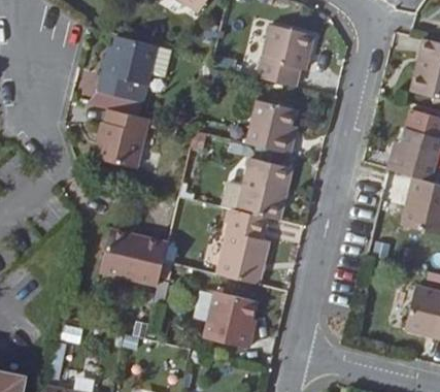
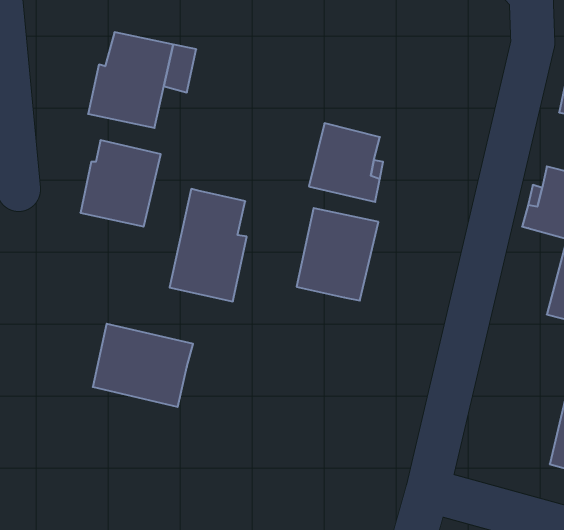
building: [247,23,301,84] -> none
building: [208,205,260,281] -> [170,189,247,301]
building: [198,291,244,346] -> none

